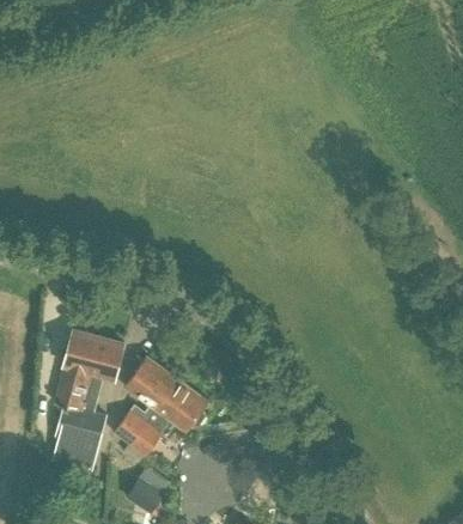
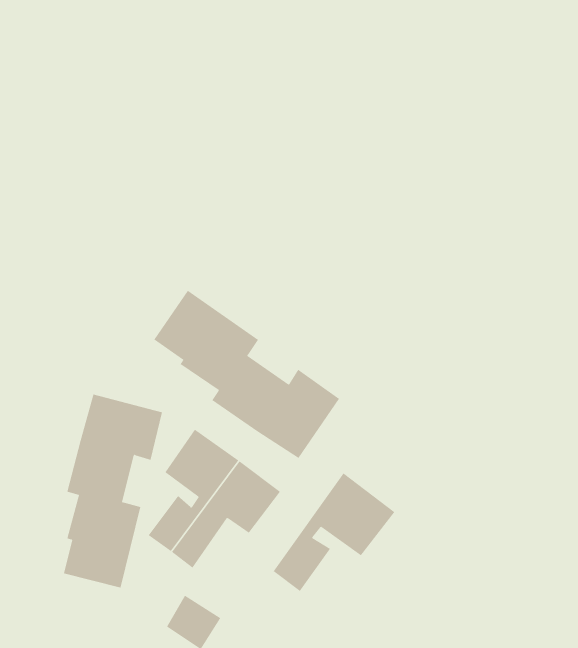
building: none -> [154,290,340,459]
building: none -> [273,473,395,592]

